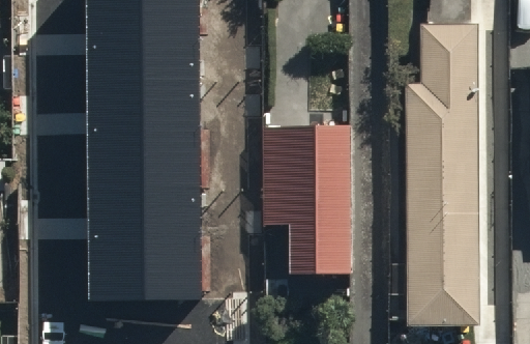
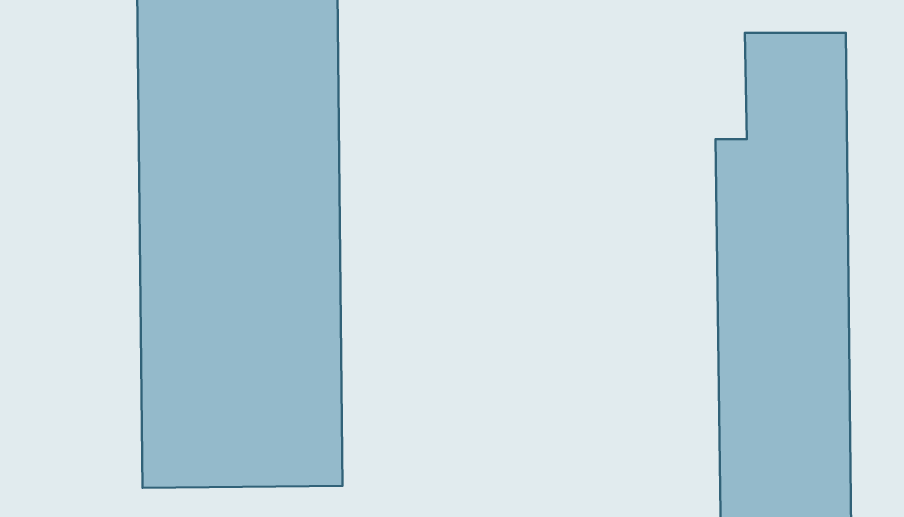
building: [266,127,353,276] -> none

